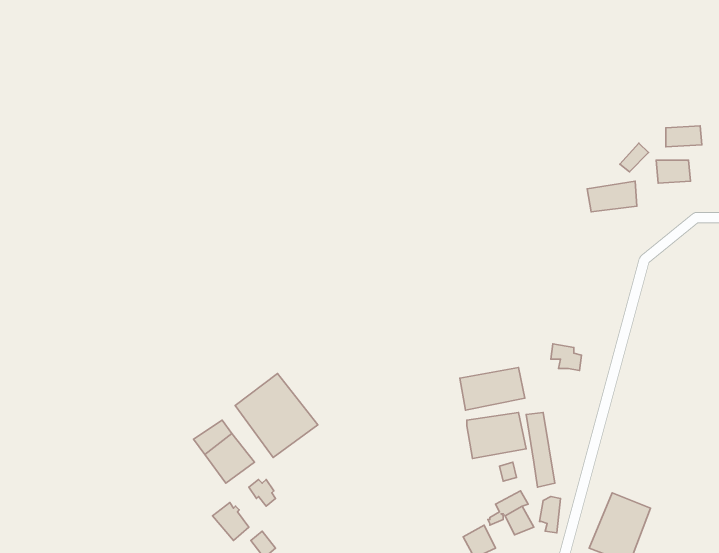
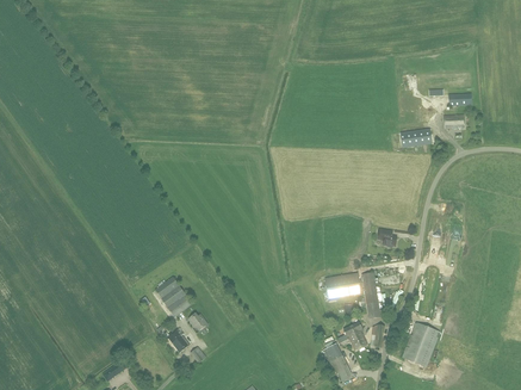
building: [460,368,525,410] -> none
building: [235,374,318,457] -> none

